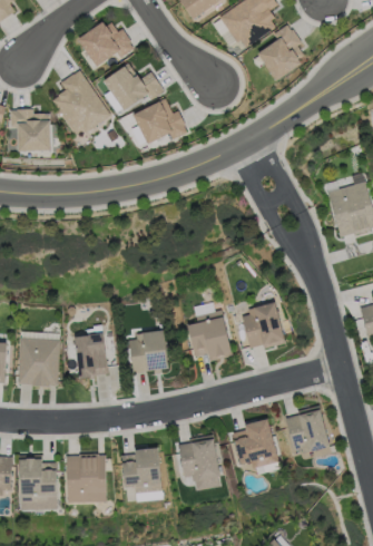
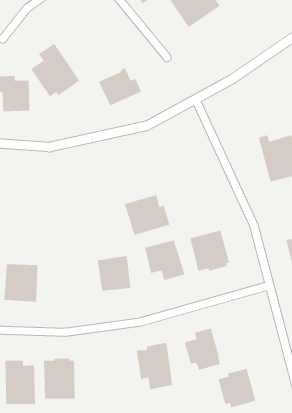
building: [75,25,132,71] -> none
building: [257,26,303,85] -> none
building: [101,66,164,115] -> none
building: none -> [124,194,171,236]
building: [78,331,111,378] -> none
building: [285,402,332,451] -> [218,368,256,408]
building: [122,443,163,491] -> none

